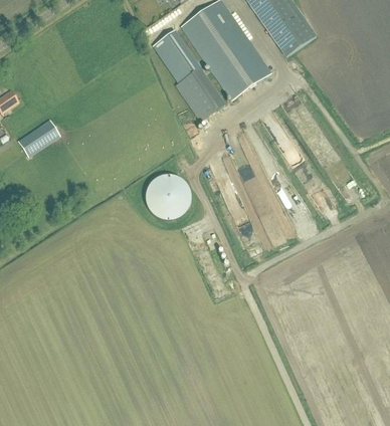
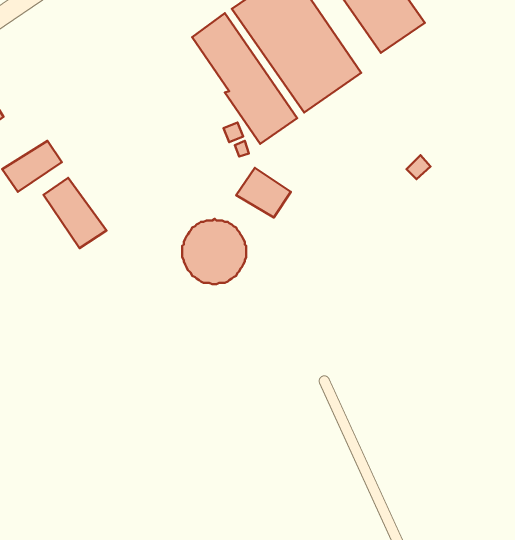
building: none -> [236,168,291,218]
building: none -> [43,178,106,248]

